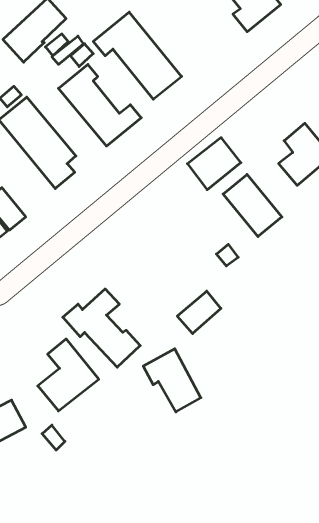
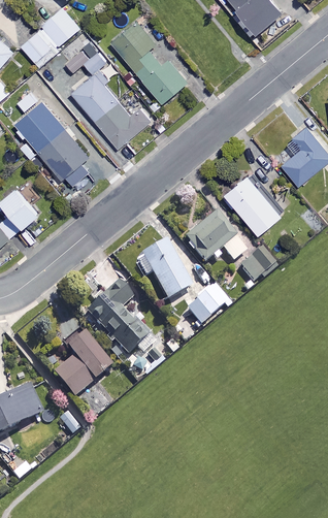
building: [187,138,241,190] -> [184,213,234,262]
building: none -> [239,249,273,281]
building: [143,349,201,412] -> [135,240,190,300]

